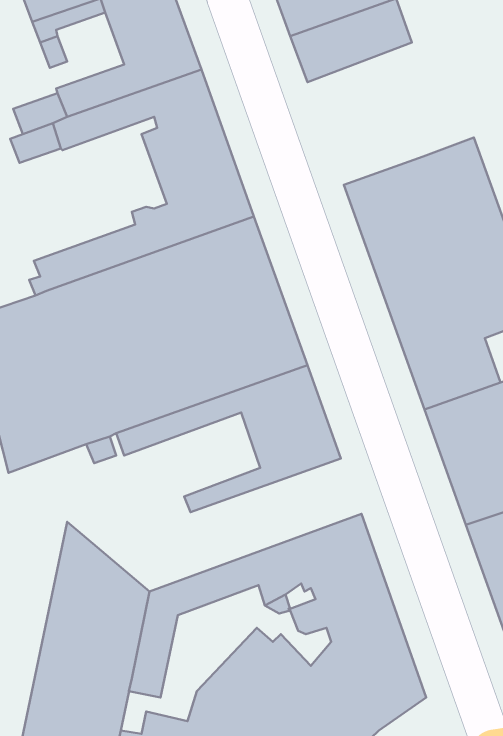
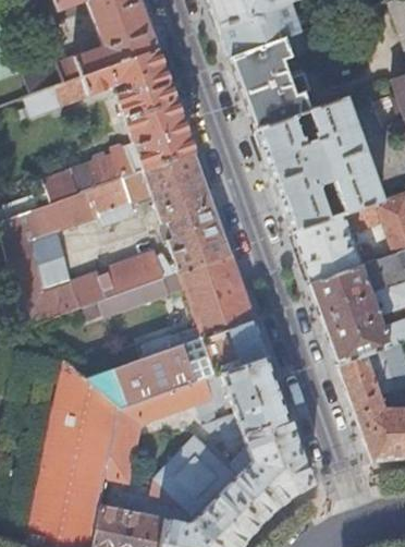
building: none -> [231,19,342,127]
building: none -> [86,316,268,408]

